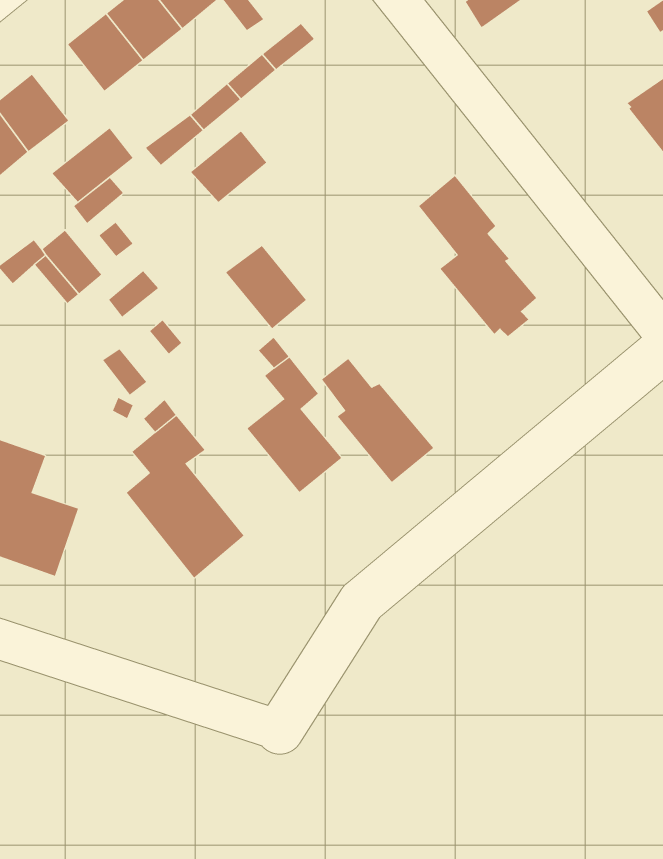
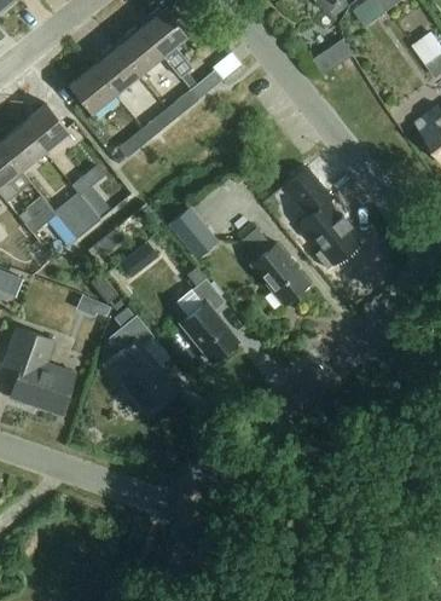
building: [51,127,134,203] -> none
building: [190,130,267,203] -> none
building: [321,358,434,483] -> [239,227,309,305]

